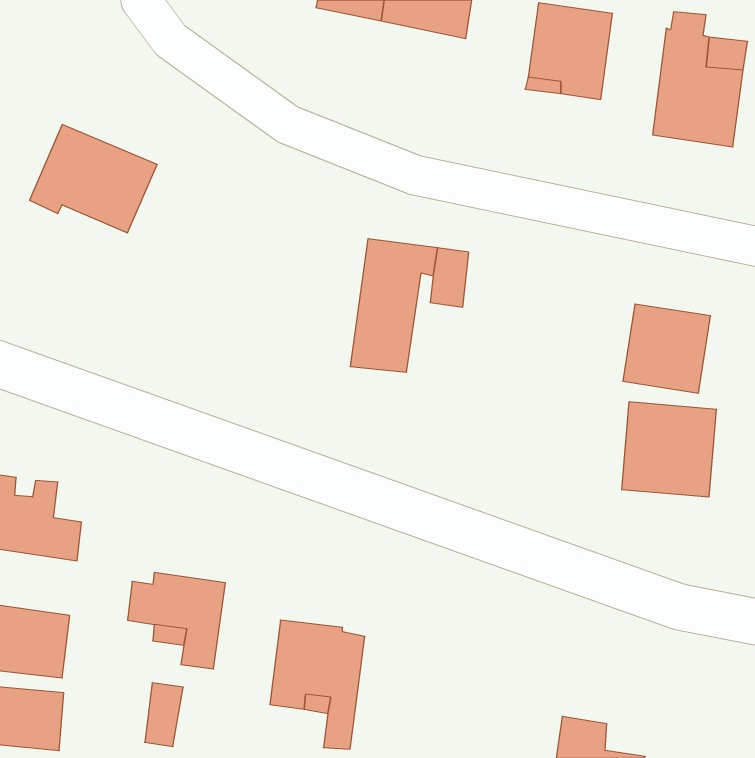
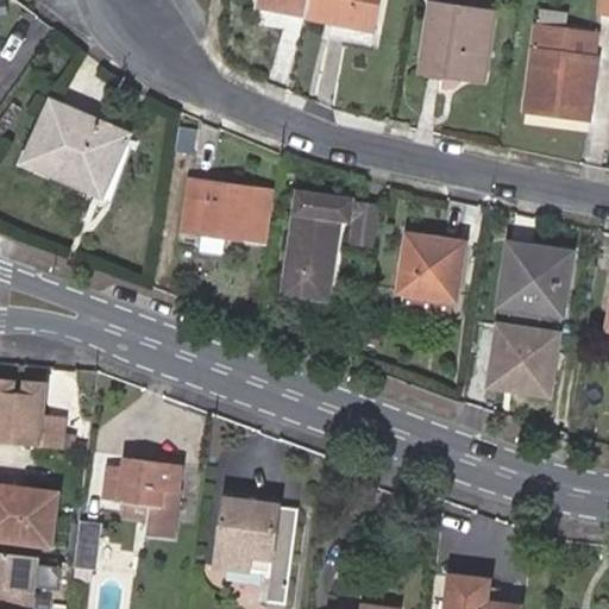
building: none -> [181,181,275,240]
building: none -> [400,236,463,300]
building: [145,683,183,747] -> [71,521,102,572]

